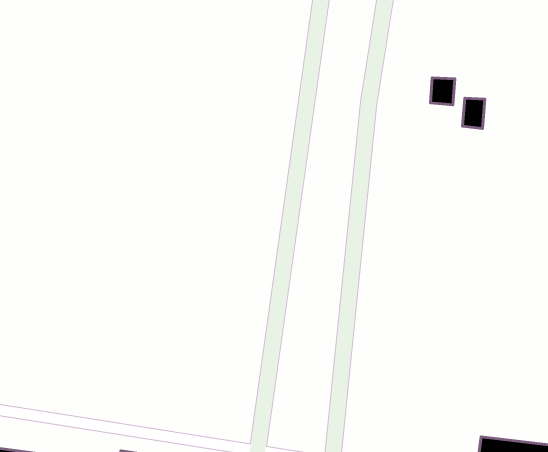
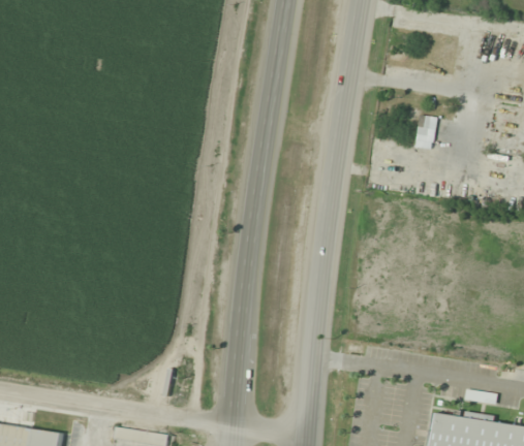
building: [430,78,455,105] -> none

